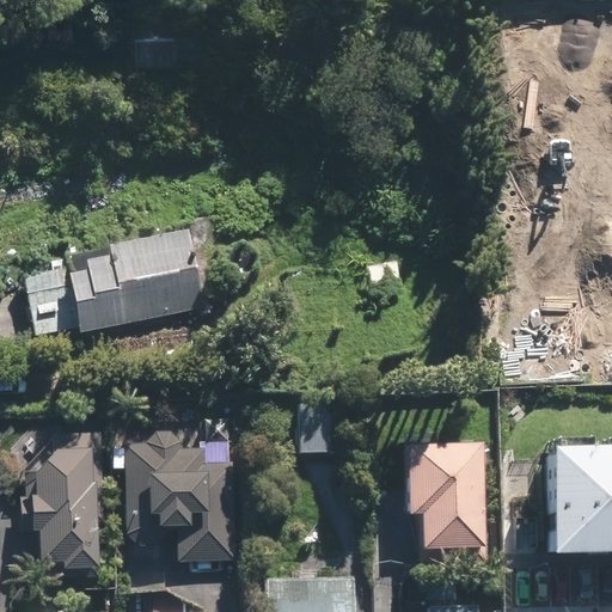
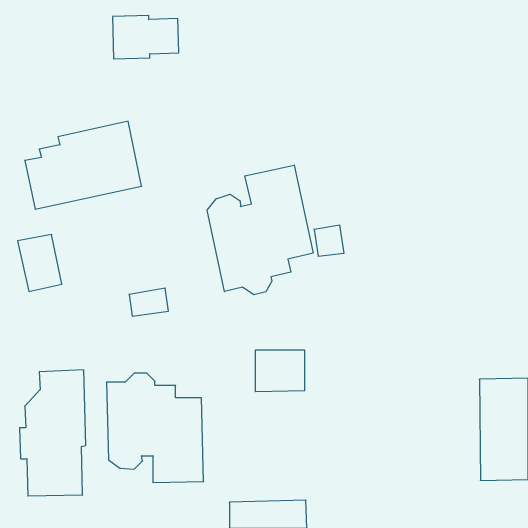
building: none -> [207,165,313,295]
building: [65,233,200,335] -> [25,121,142,209]
building: [406,443,486,549] -> none

